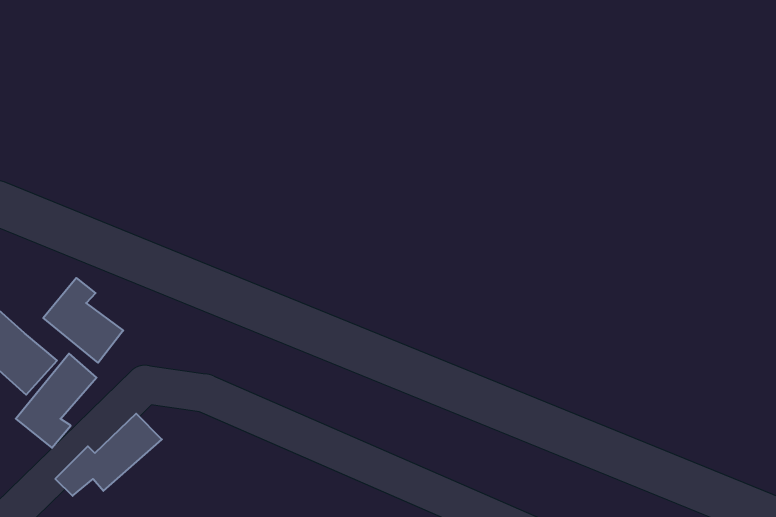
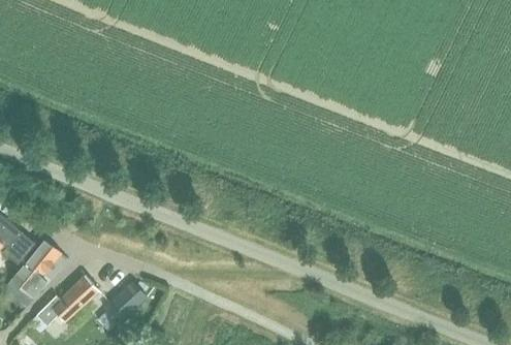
building: [43,278,123,363] -> none
building: none -> [103,282,146,323]

